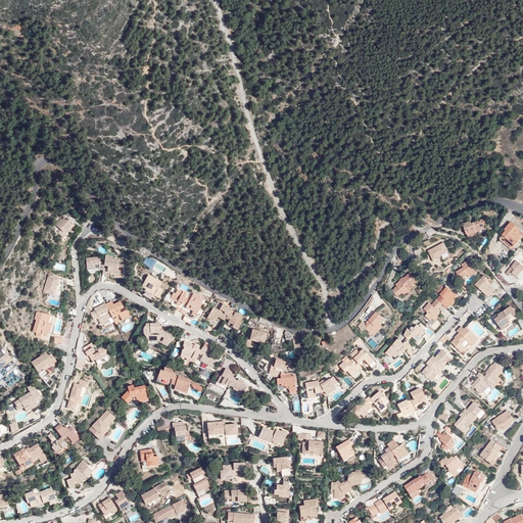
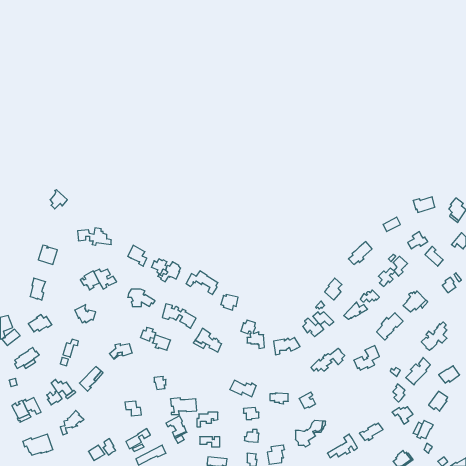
building: [208,420,238,438] -> [170,398,197,414]
building: [378,439,408,468] -> none

